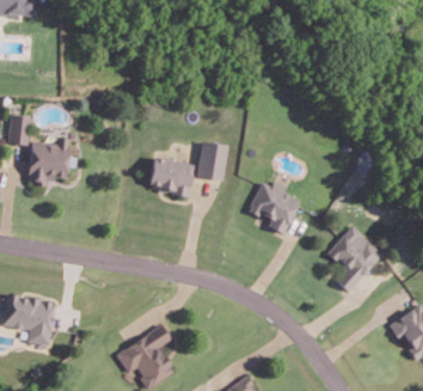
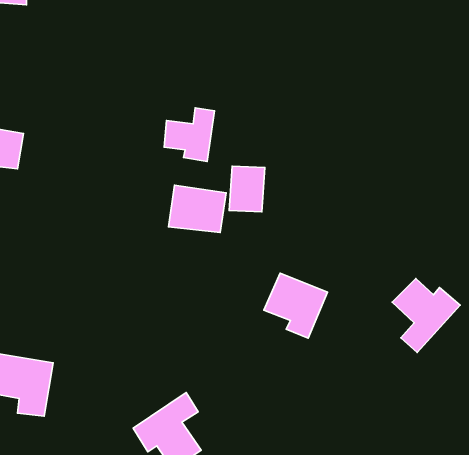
building: none -> [164,108,214,161]
building: [27,139,68,183] -> none
building: [247,182,299,234] -> [264,273,328,338]

